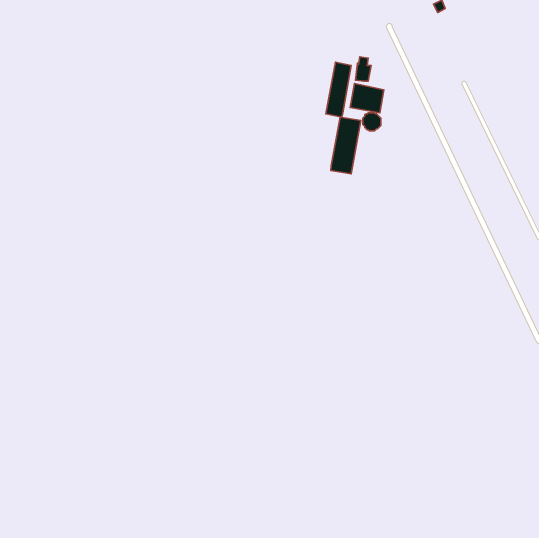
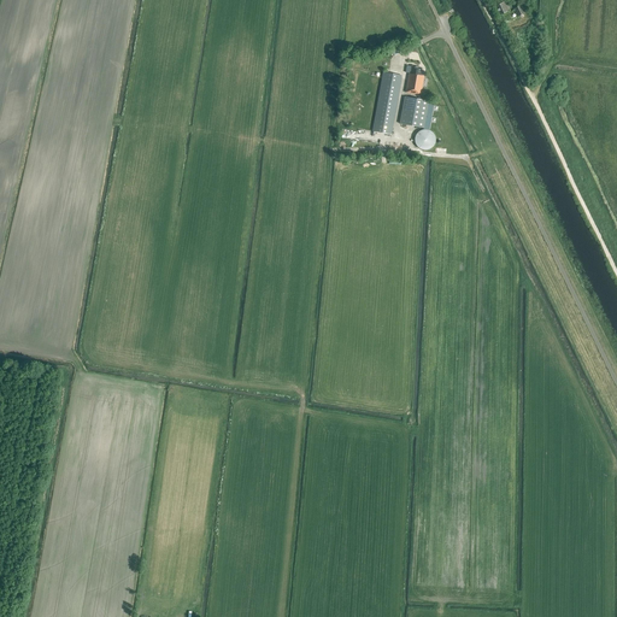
building: [331,117,361,174] -> none

